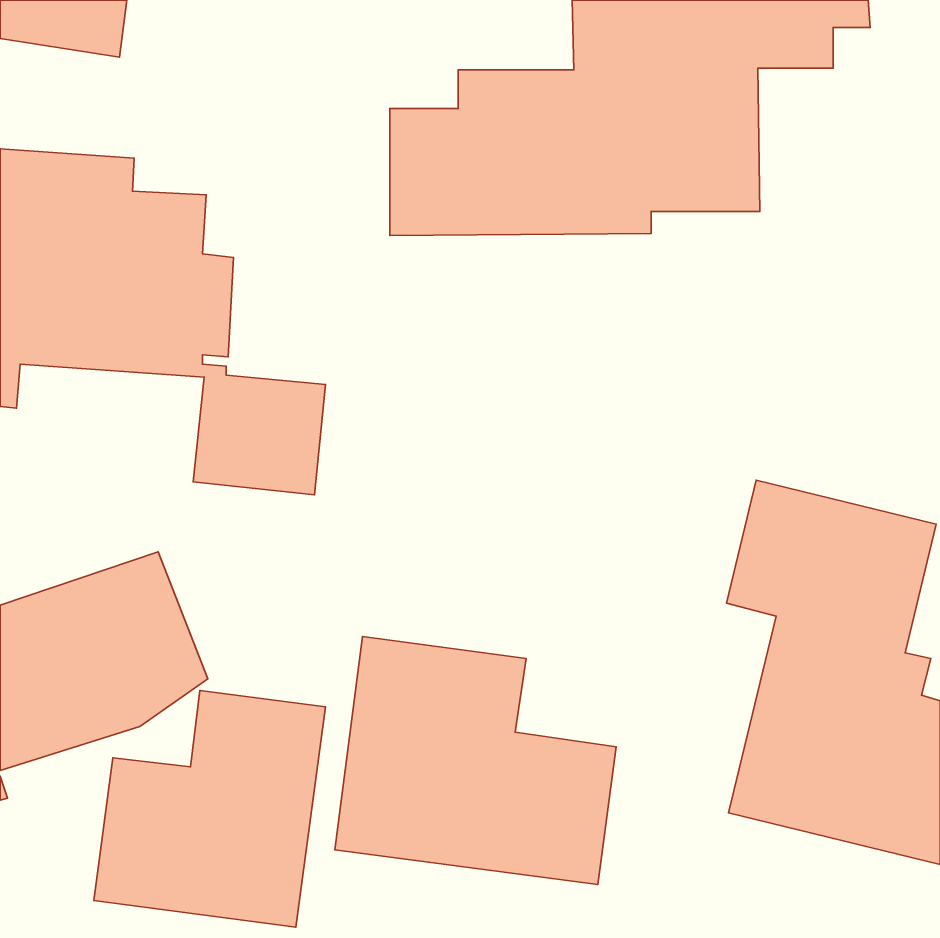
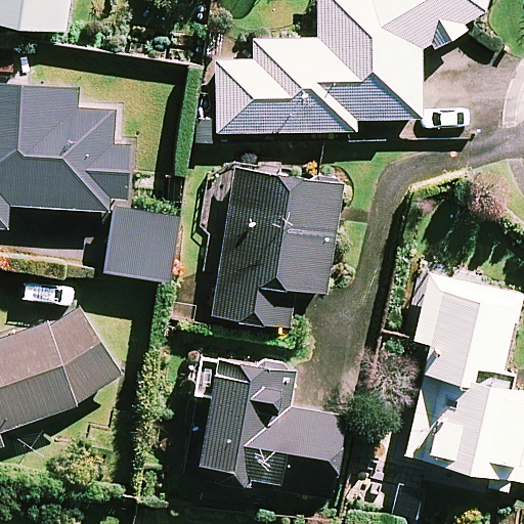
building: none -> [214,168,343,326]
building: [94,690,326,927] -> none

